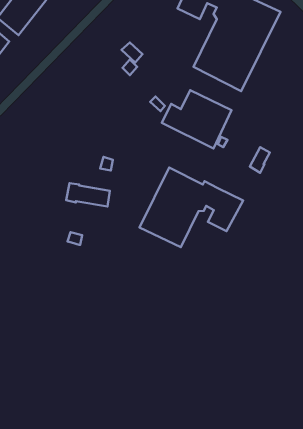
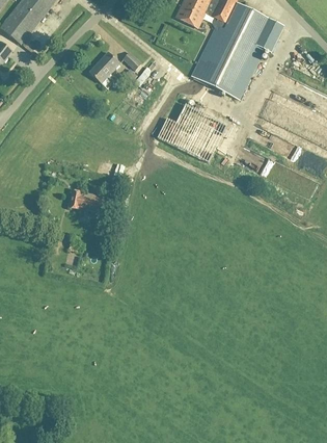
building: none -> [88,52,118,82]
building: [140,167,243,247] -> none

